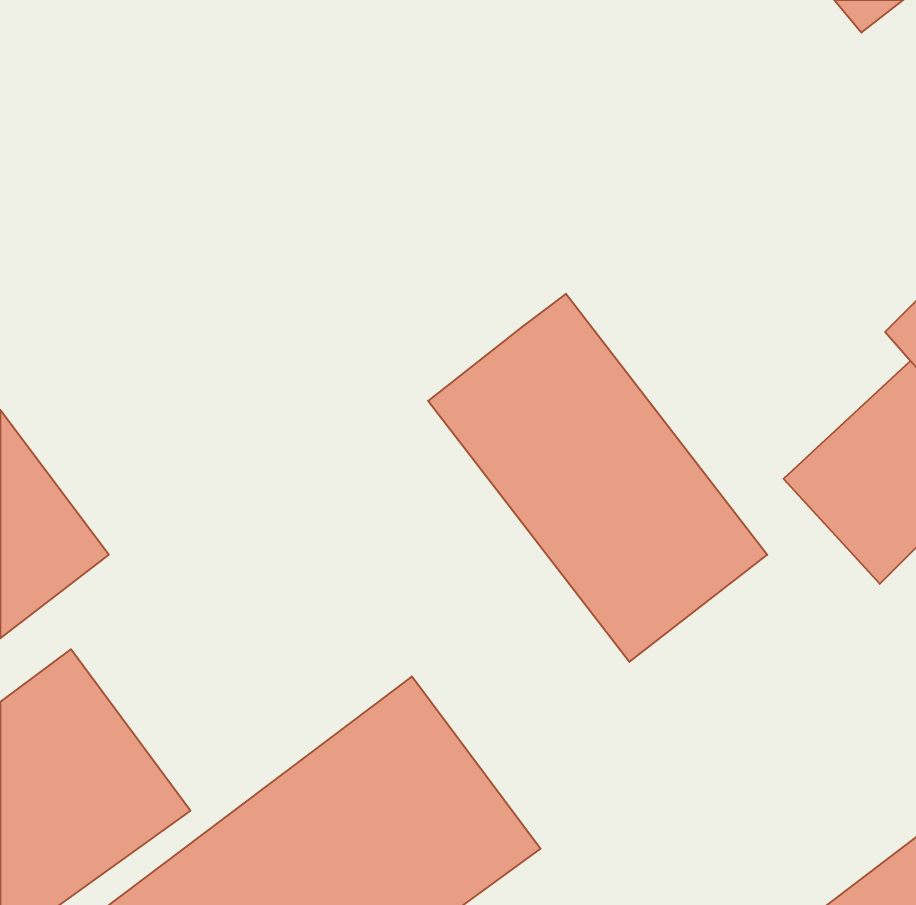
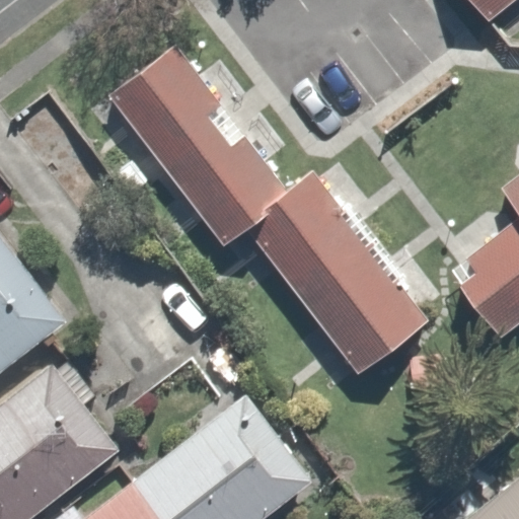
building: none -> [103,35,298,250]

